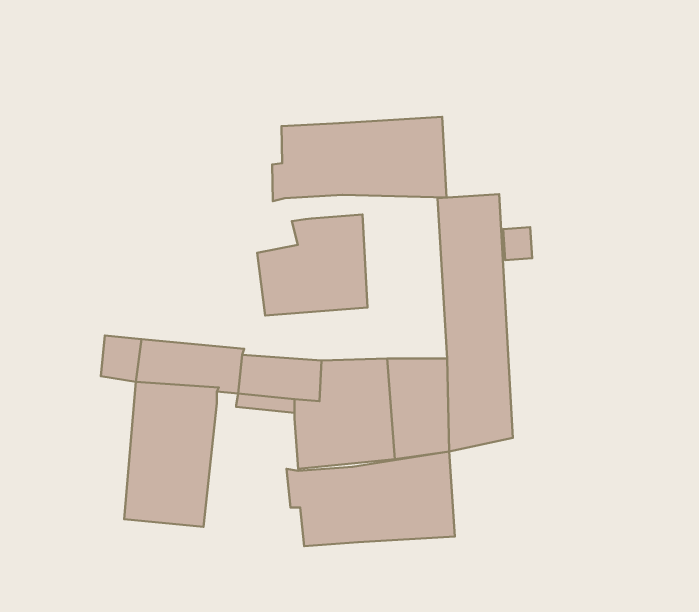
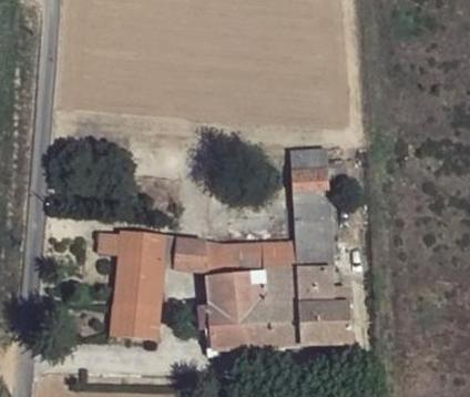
building: [272,117,447,201] -> none
building: [257,214,368,315] -> none
building: none -> [297,286,354,345]

